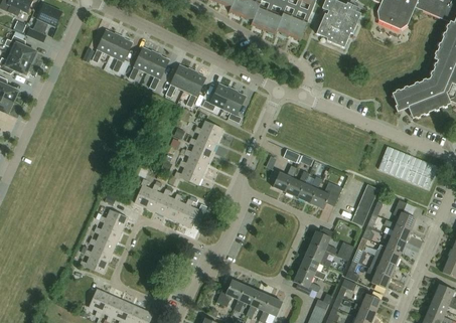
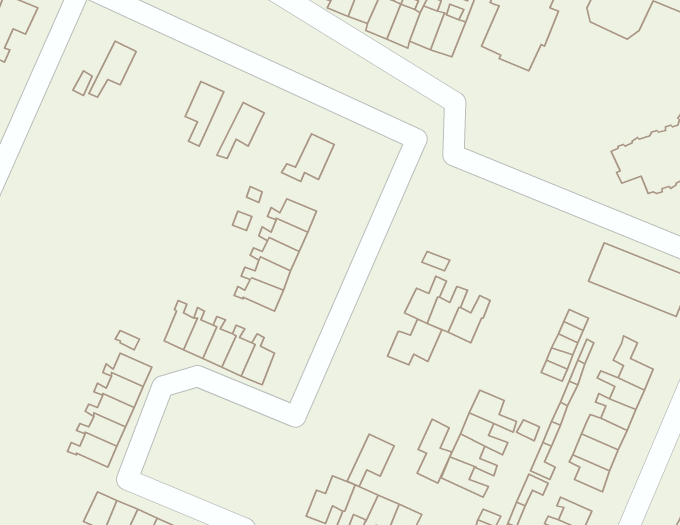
building: [110,36,132,73] -> none
building: [129,47,156,80] -> none
building: [183,71,205,108] -> none
building: [223,90,246,124] -> none
building: [311,182,342,208] -> [388,319,442,365]
building: none -> [417,419,452,483]
building: none -> [347,434,394,486]

